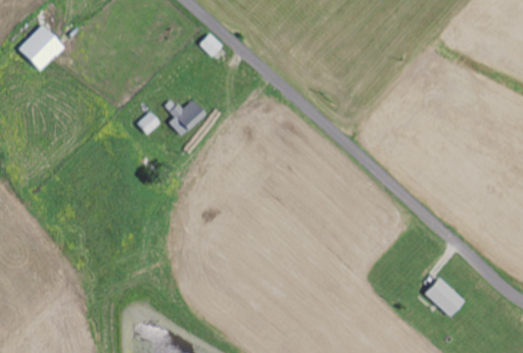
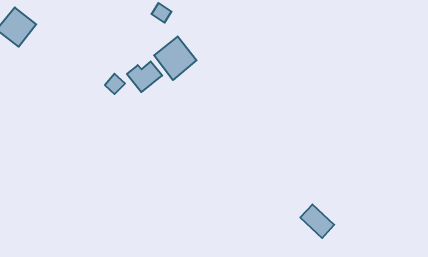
building: none -> [154,36,197,80]
building: [424,275,463,315] -> [300,204,334,238]

